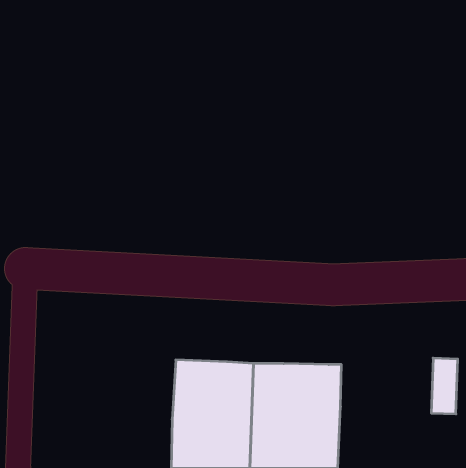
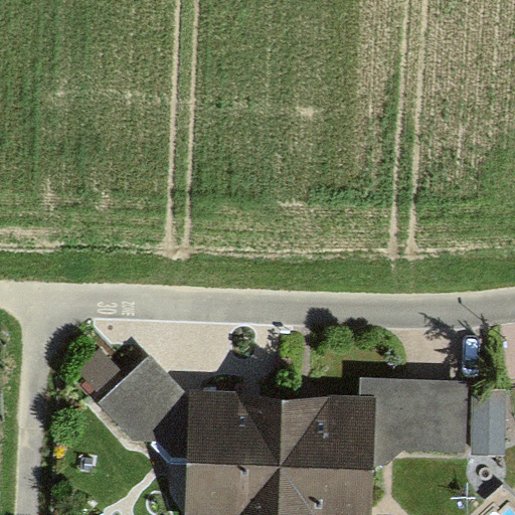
building: none -> [97,358,193,462]
building: none -> [361,380,461,449]

